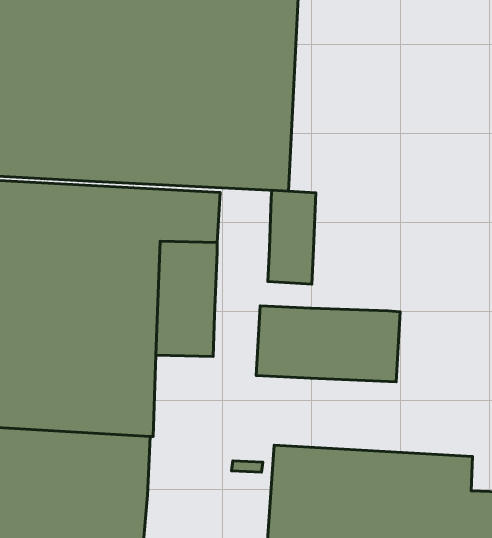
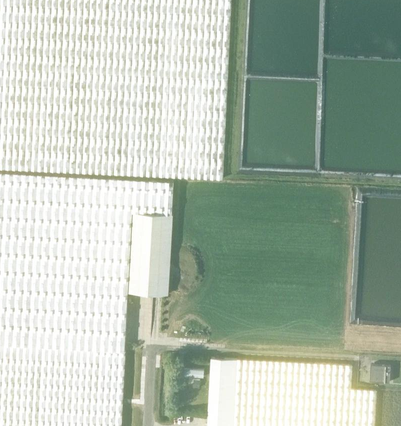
building: [268,190,316,284] -> none
building: [256,306,400,382] -> none

